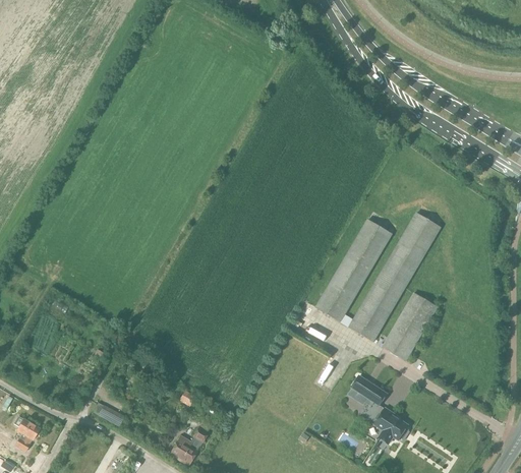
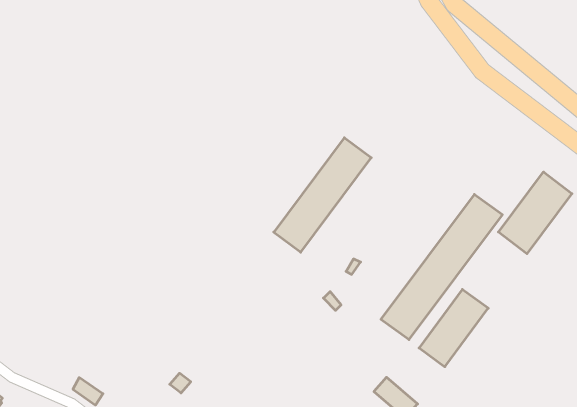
building: none -> [498,172,572,254]
building: [315,222,390,321] -> [274,138,371,252]

